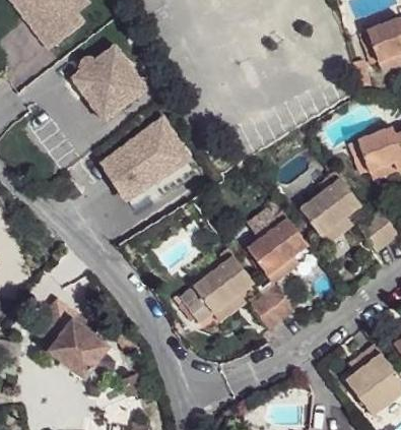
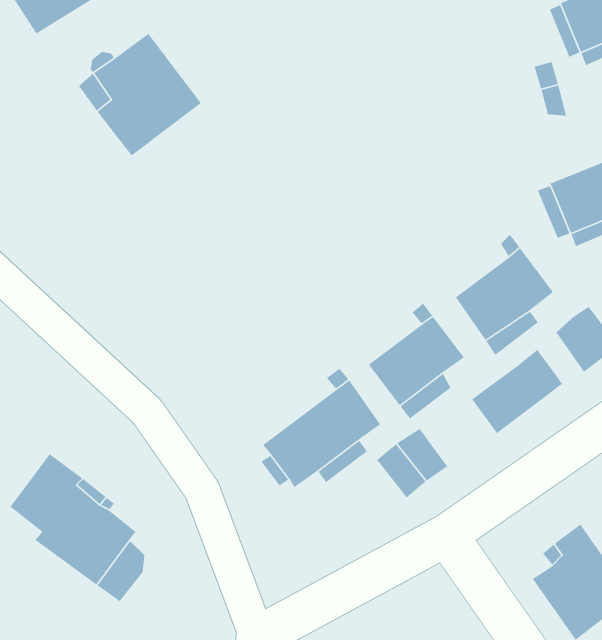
building: [96,121,194,209] -> none
building: none -> [471,349,563,434]

